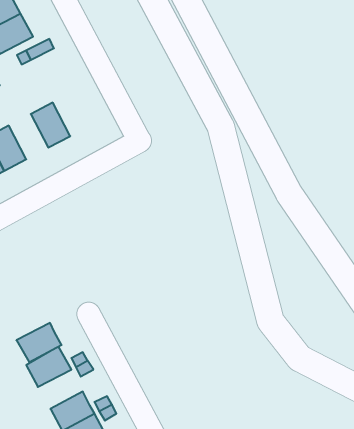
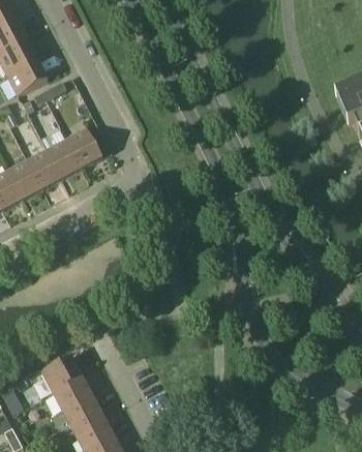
building: none -> [65,124,101,164]
building: none -> [26,145,61,185]
building: [16,323,62,362] -> [52,373,92,409]

